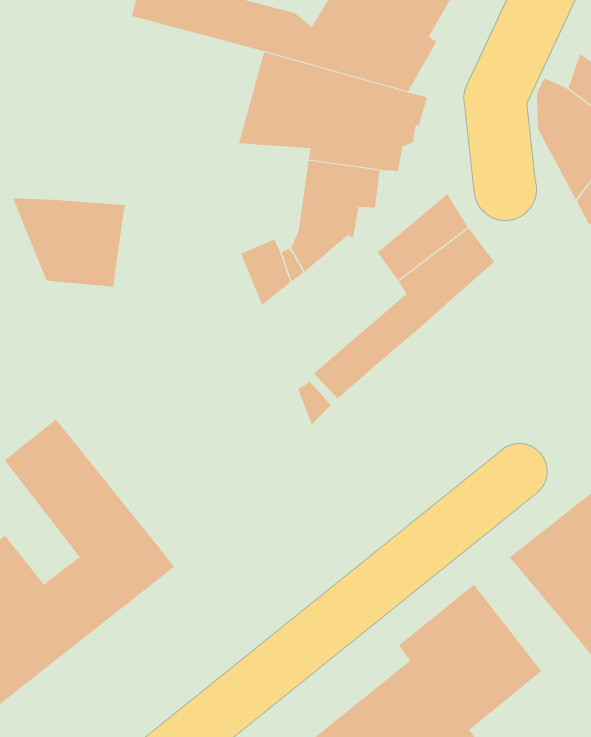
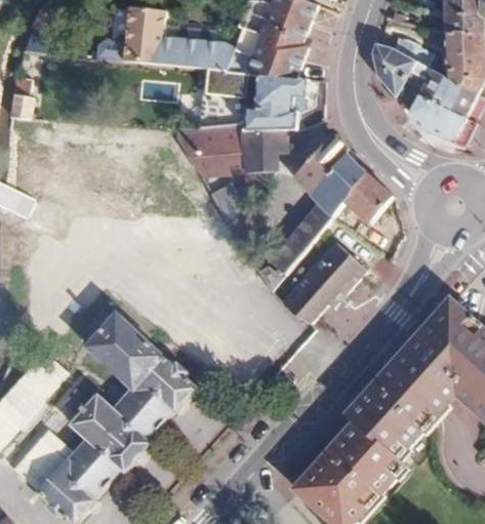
building: [12,198,126,287] -> [172,121,243,175]
building: none -> [342,171,391,223]
building: none -> [281,241,366,321]
building: none -> [386,350,455,415]

